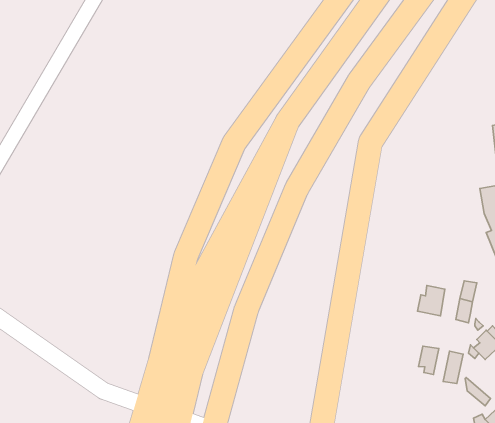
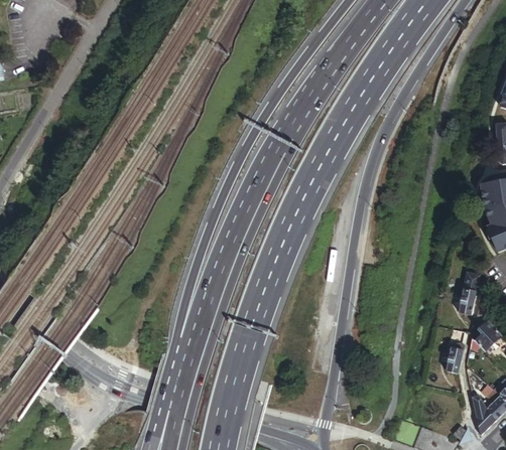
building: [417,285,445,316] -> none
building: [419,346,439,374] -> none

